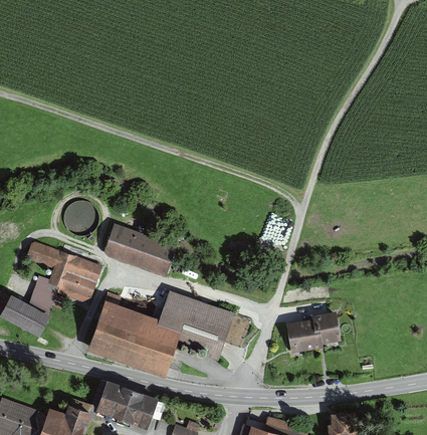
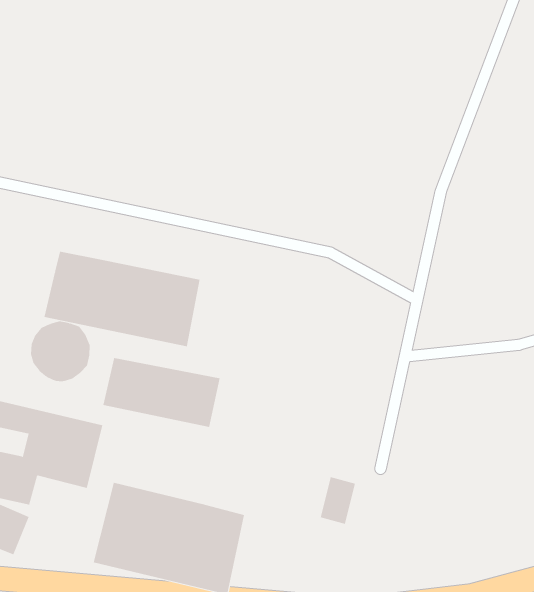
building: none -> [44,251,200,347]
building: [158,292,231,359] -> none
building: [292,306,346,351] -> none

